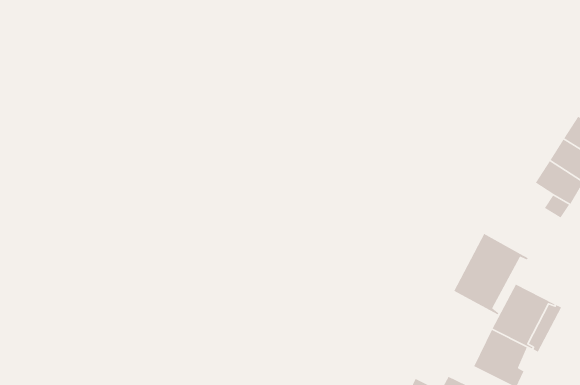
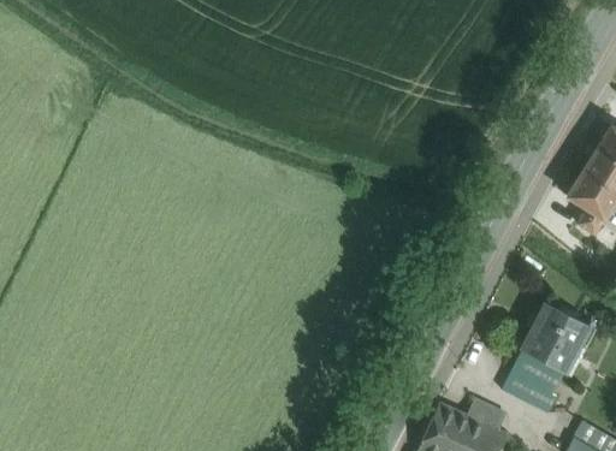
building: [453,233,529,315] -> none

